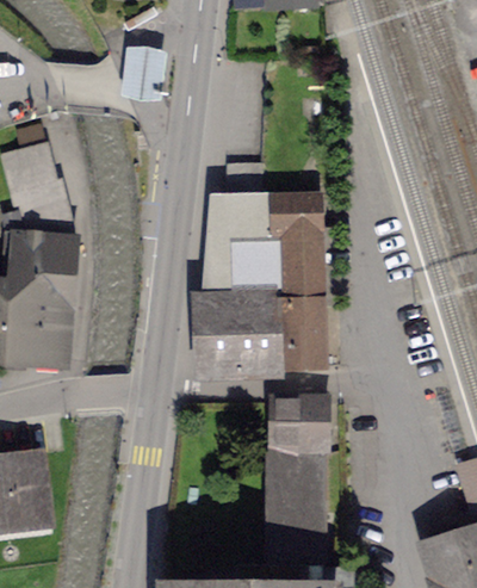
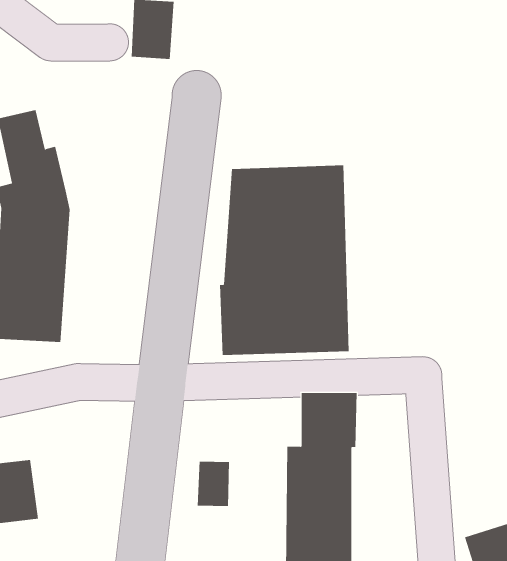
building: none -> [197,461,230,507]

